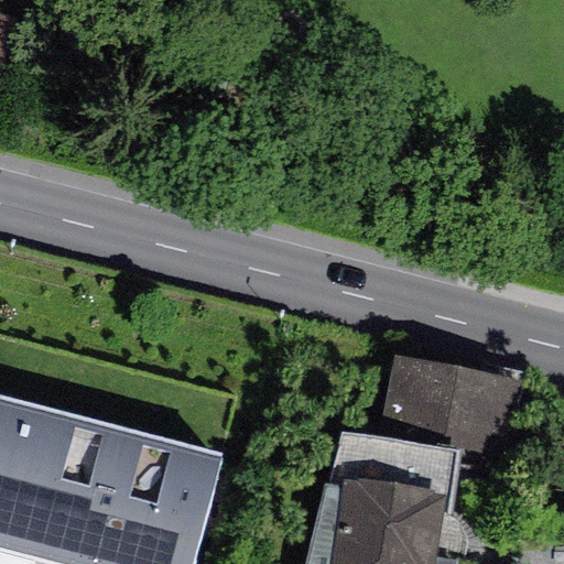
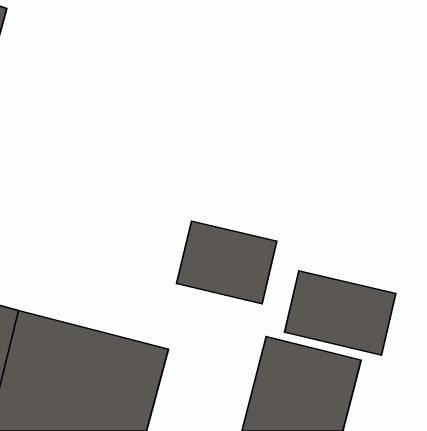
building: none -> [177,221,277,304]

